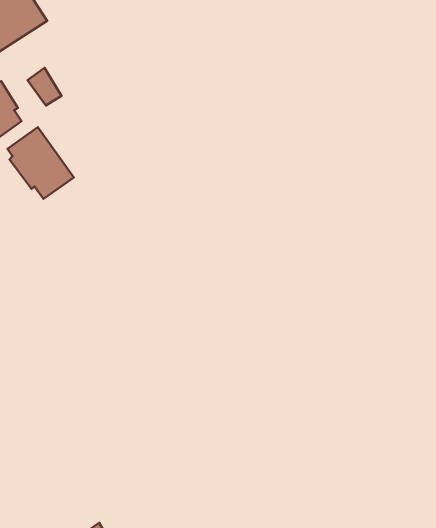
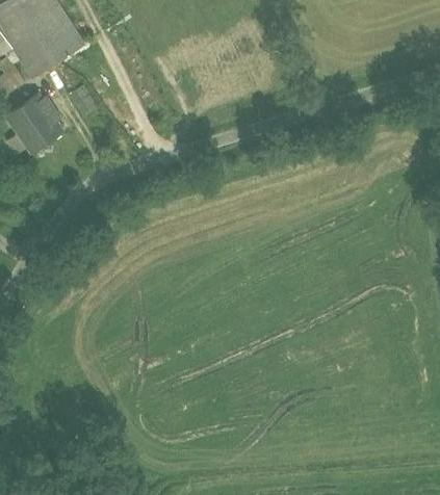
building: [7,127,74,199] -> none

